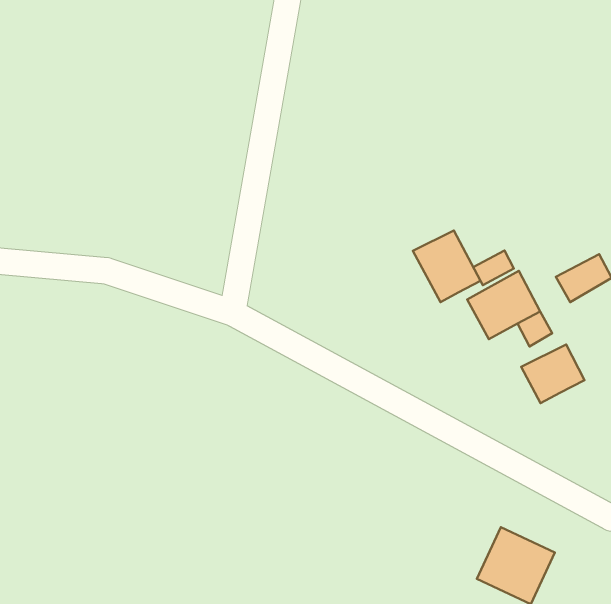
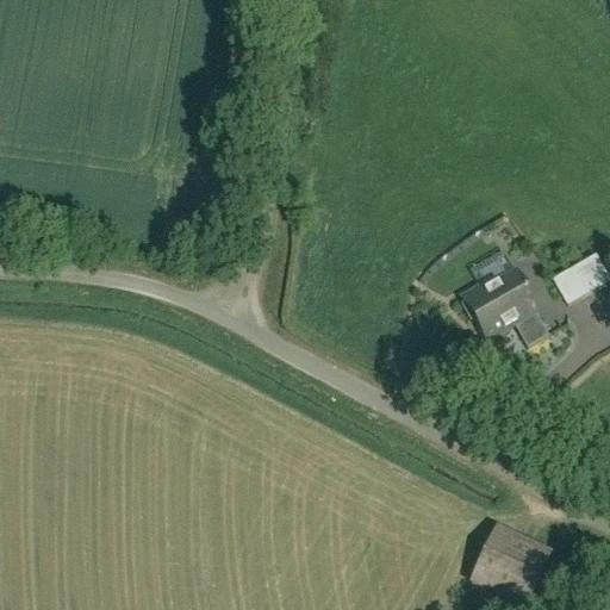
building: [413,230,480,302] -> none
building: [521,344,585,403] -> none

